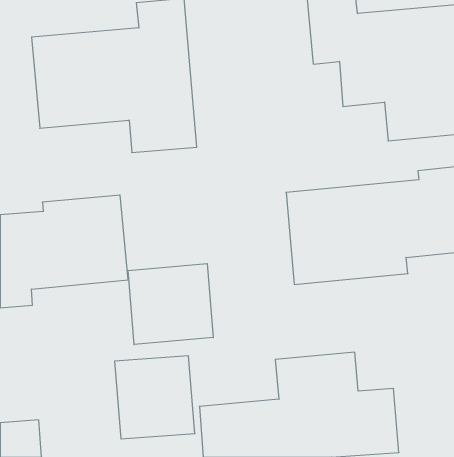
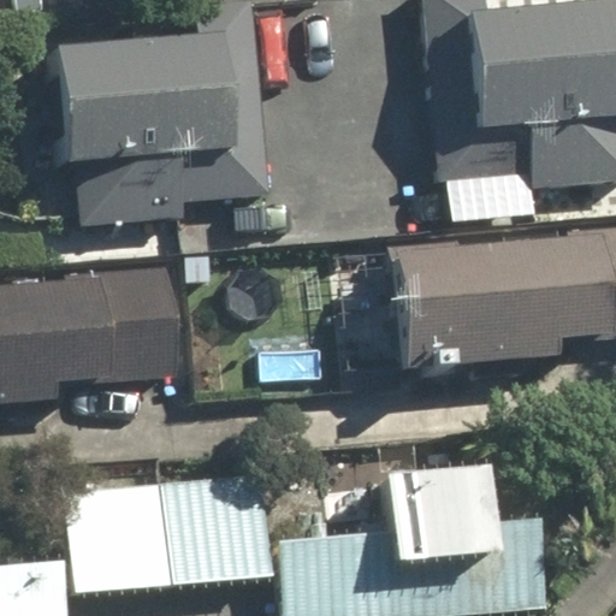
building: [128,264,213,345] -> none
building: none -> [66,481,171,592]

